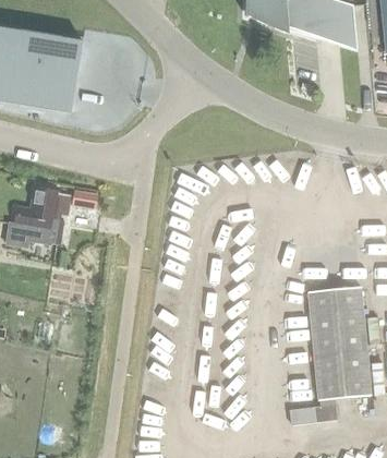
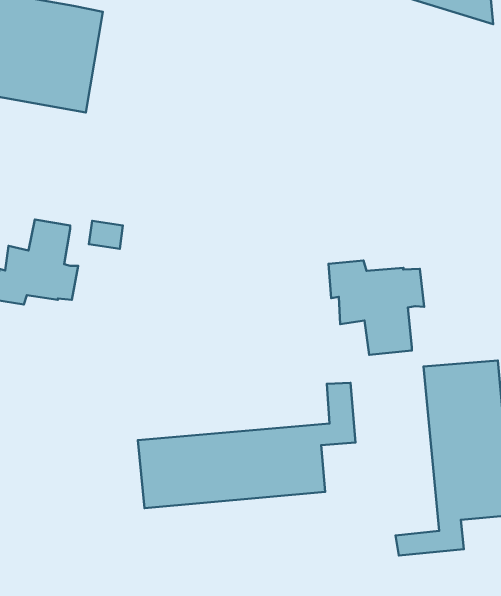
building: none -> [329,261,424,355]
building: none -> [138,383,356,508]

